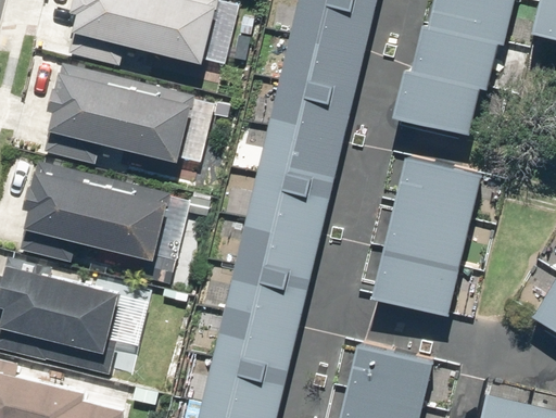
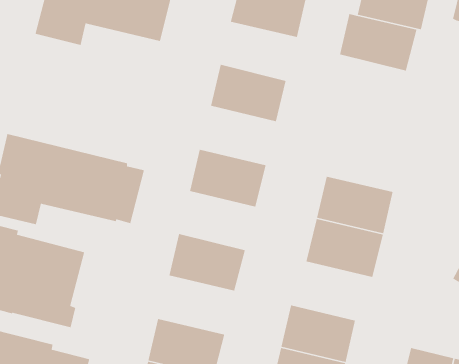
building: [278,41,363,105] -> none
building: [51,64,203,165] -> none
building: [390,76,478,140] -> none
building: [255,134,340,198] -> none
building: [394,162,479,227] -> none
building: [232,227,317,291] -> none
building: [210,319,294,383] -> none

